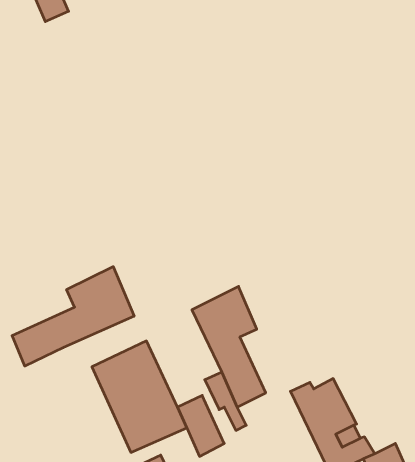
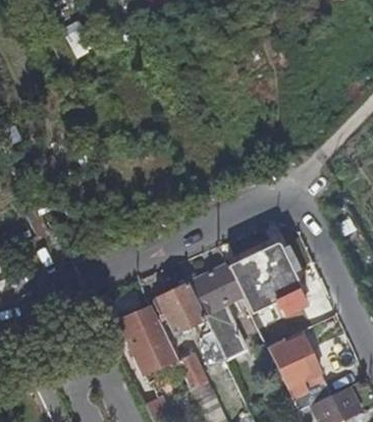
building: none -> [229,235,310,315]
building: [12,267,134,366] -> none
building: none -> [160,284,205,333]

